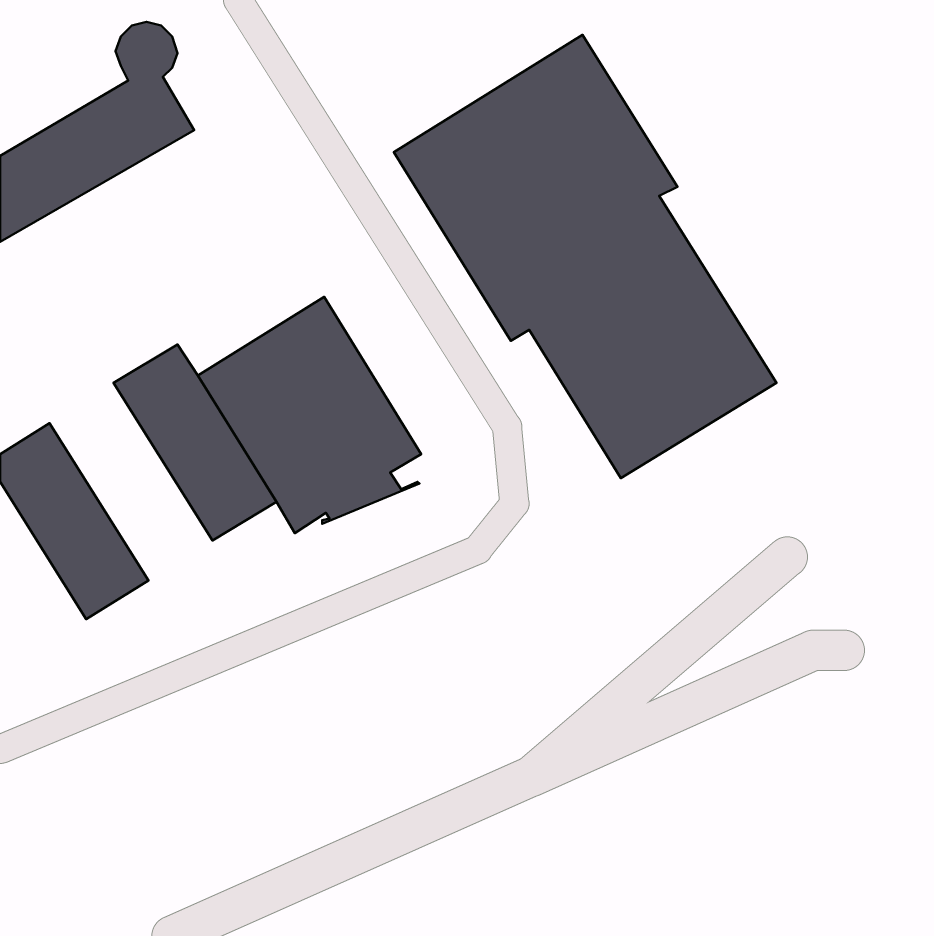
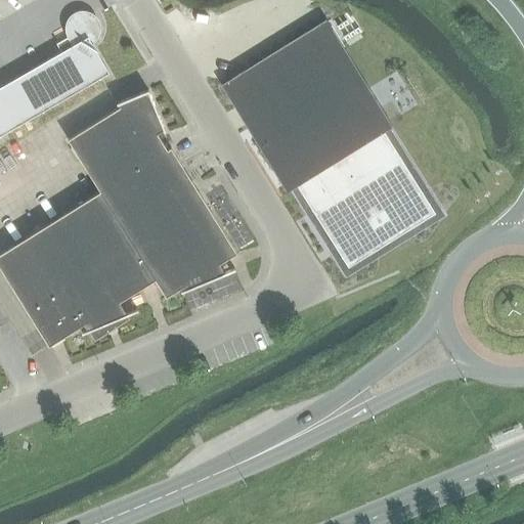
building: none -> [68,90,182,210]
building: none -> [29,214,138,342]

